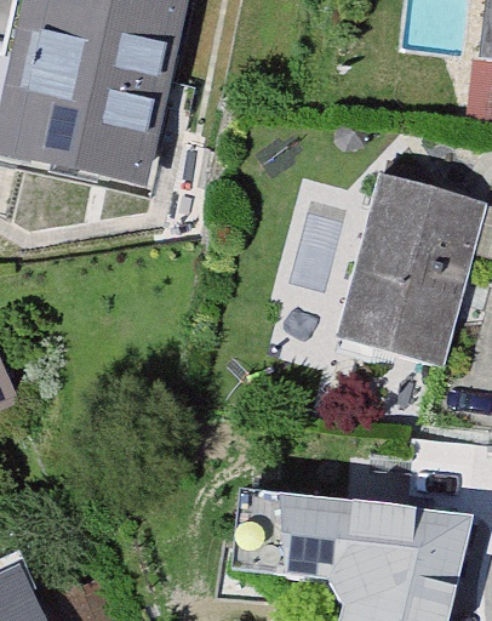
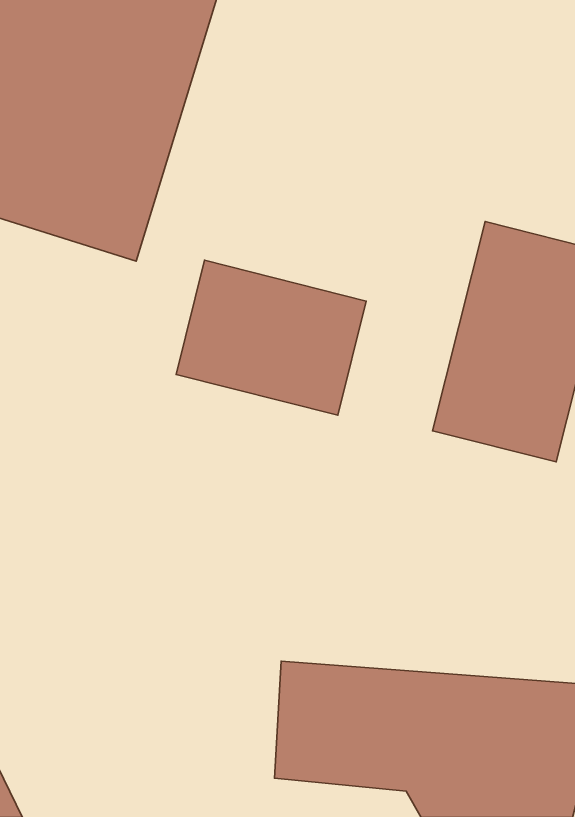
building: none -> [176,260,366,415]

